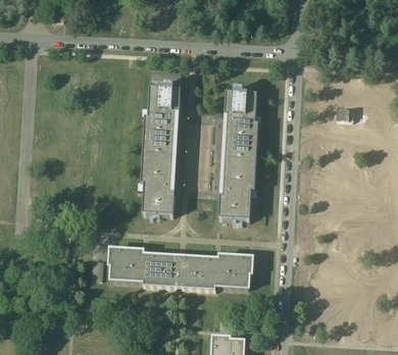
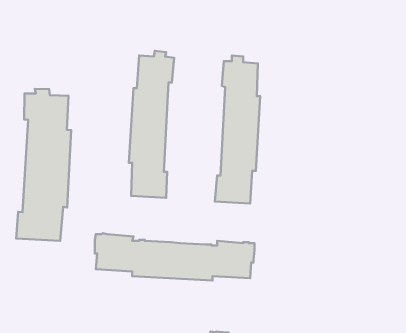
building: none -> [16,89,71,241]

